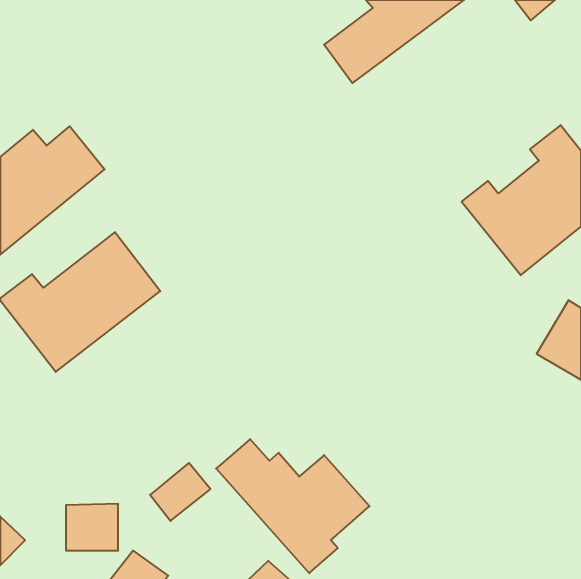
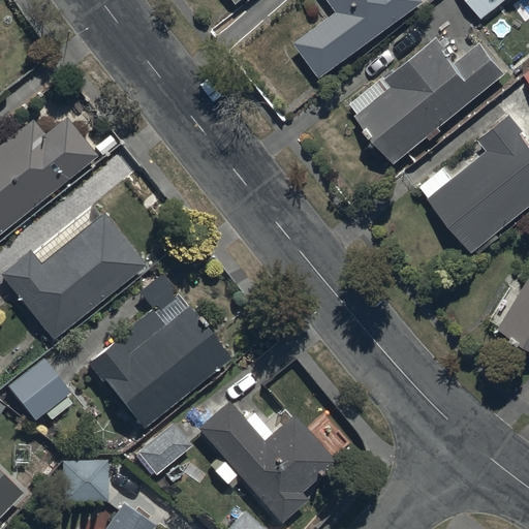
building: none -> [350,37,506,163]
building: none -> [86,278,228,431]
building: none -> [5,356,73,424]

